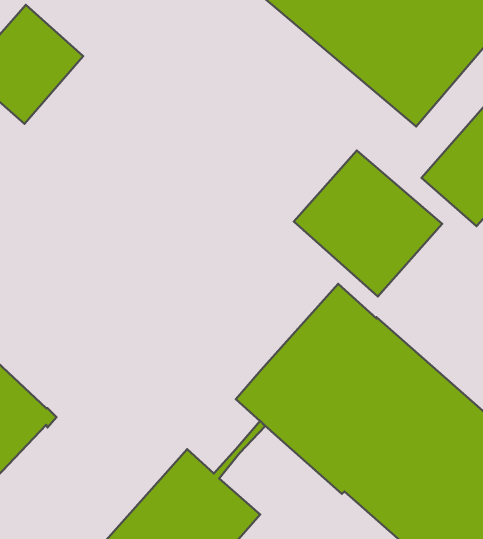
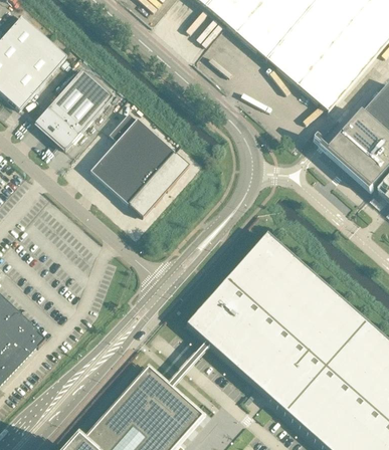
building: none -> [35,68,113,148]
building: none -> [90,111,188,215]
building: [294,151,442,297] -> none

